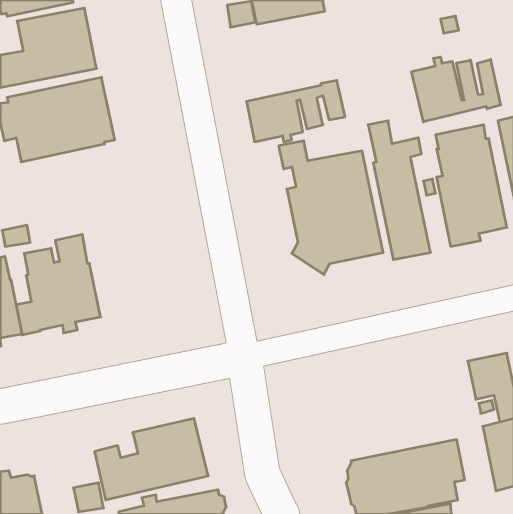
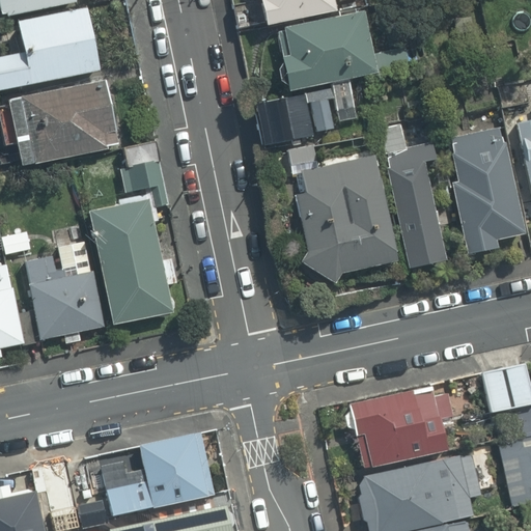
building: none -> [279,11,410,91]
building: [412,57,501,122] -> none
building: none -> [87,142,177,326]
building: none -> [343,387,452,468]

